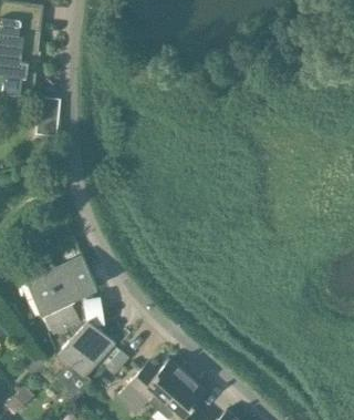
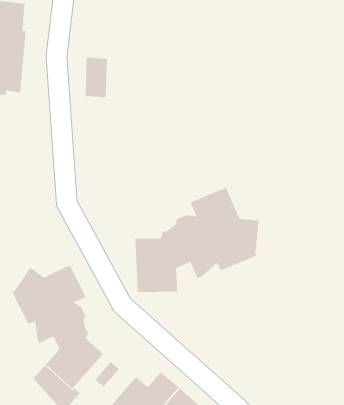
building: [39,96,61,135] -> [85,57,108,97]
building: none -> [135,187,259,293]

